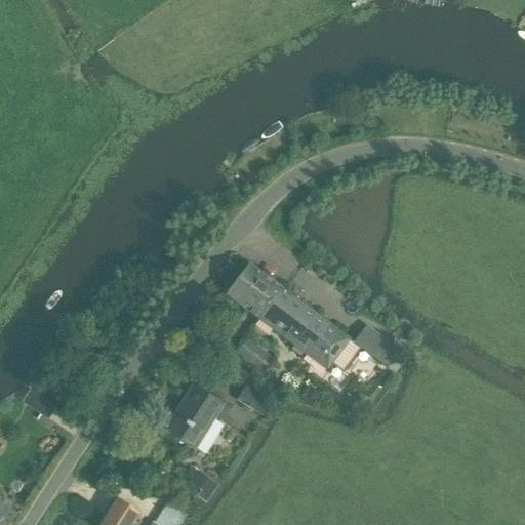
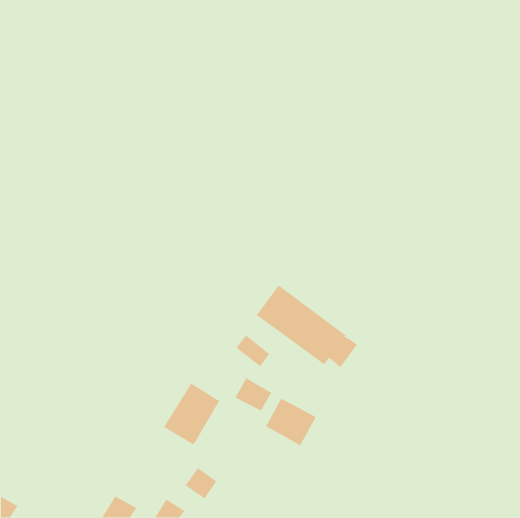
building: [228,262,281,317] -> none
building: [354,323,402,367] -> none
building: none -> [265,397,317,446]

